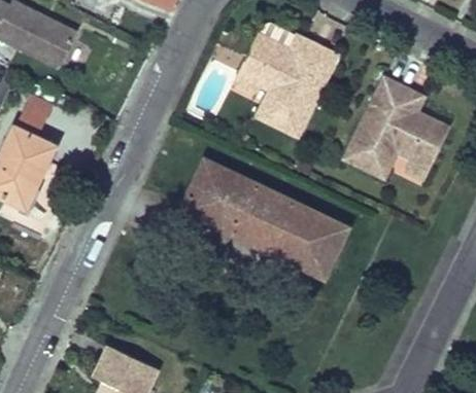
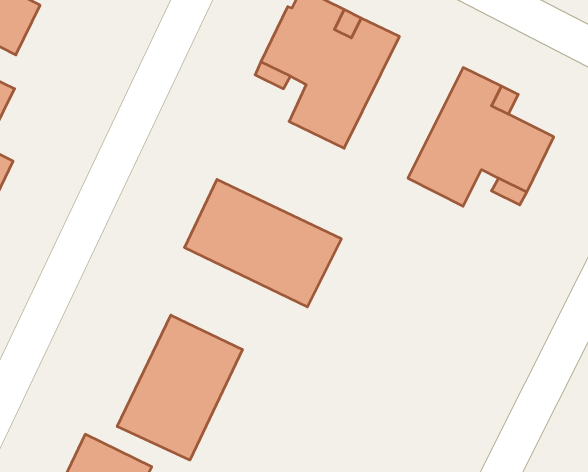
building: [271,203,348,278] -> none
building: none -> [117,315,242,460]

